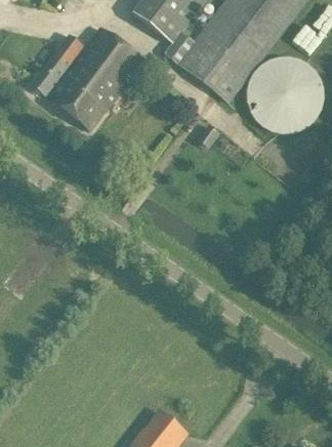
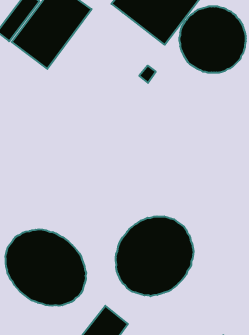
building: none -> [116,216,193,296]
building: none -> [5,229,86,306]

